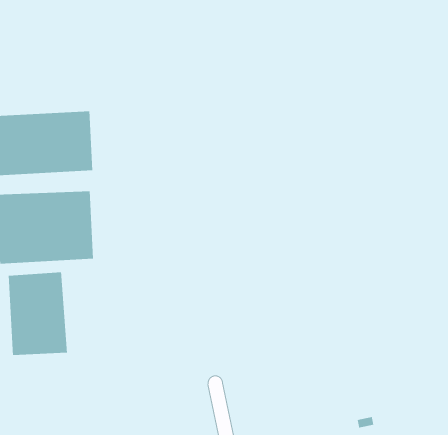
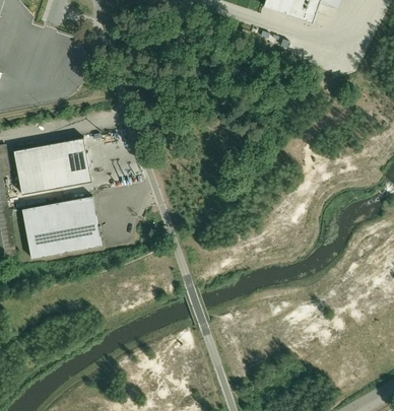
building: [8,272,67,356] -> none

